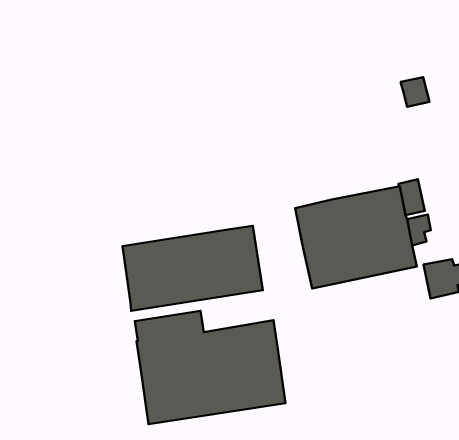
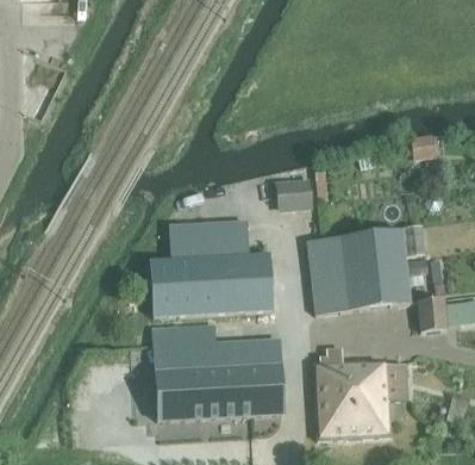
building: none -> [274,179,312,212]
building: none -> [168,221,248,258]
building: none -> [314,347,407,438]

